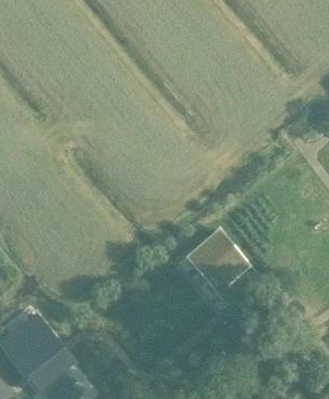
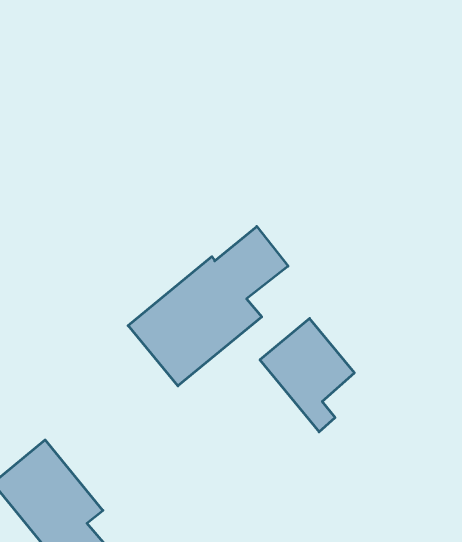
building: none -> [128,226,288,386]

